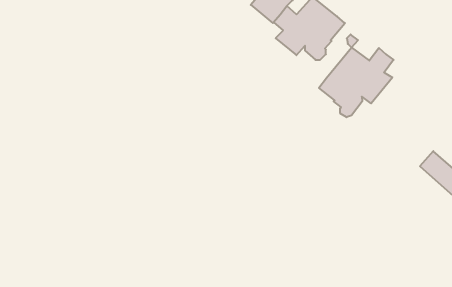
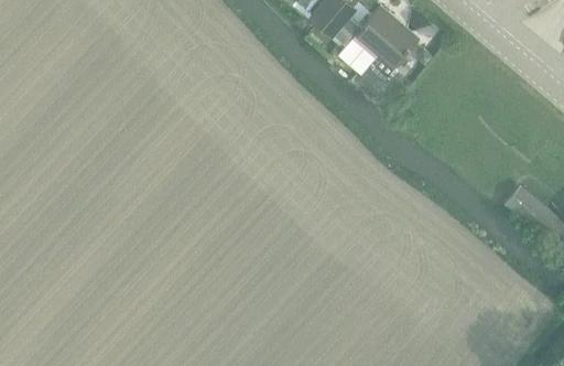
building: [319,48,394,117] -> none

